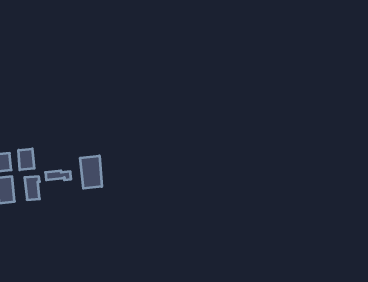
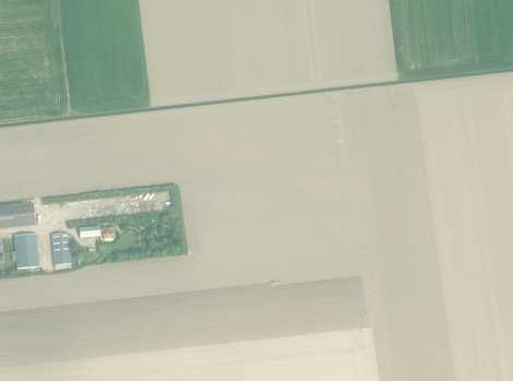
building: [19,149,34,170] -> none
building: [80,156,102,188] -> none

